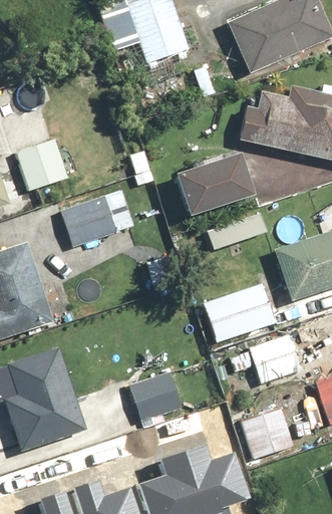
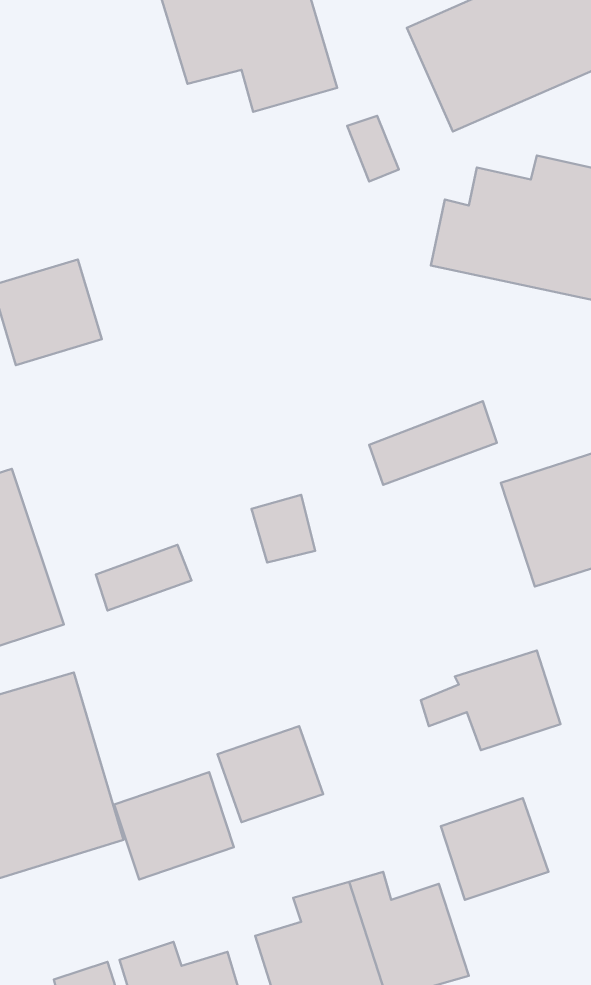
building: [170,154,249,218] -> none
building: [61,191,135,247] -> none
building: [204,255,277,343] -> none
building: none -> [114,772,234,880]

